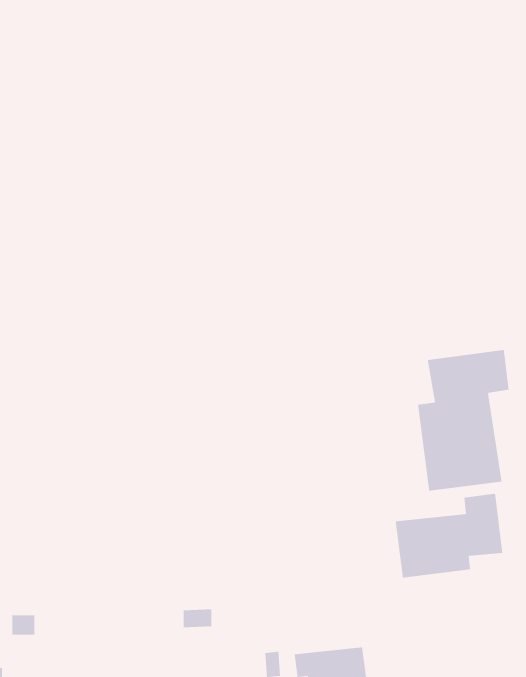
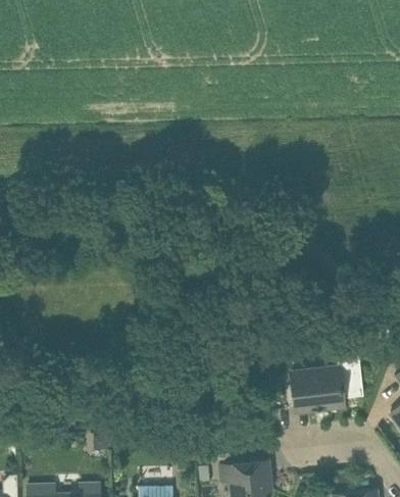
building: [418,349,509,492] -> none

